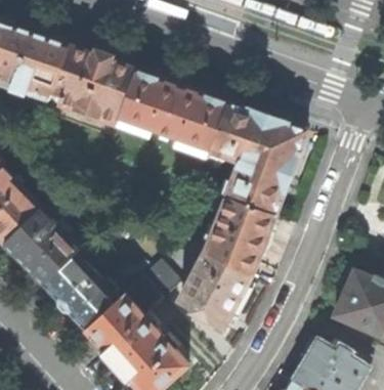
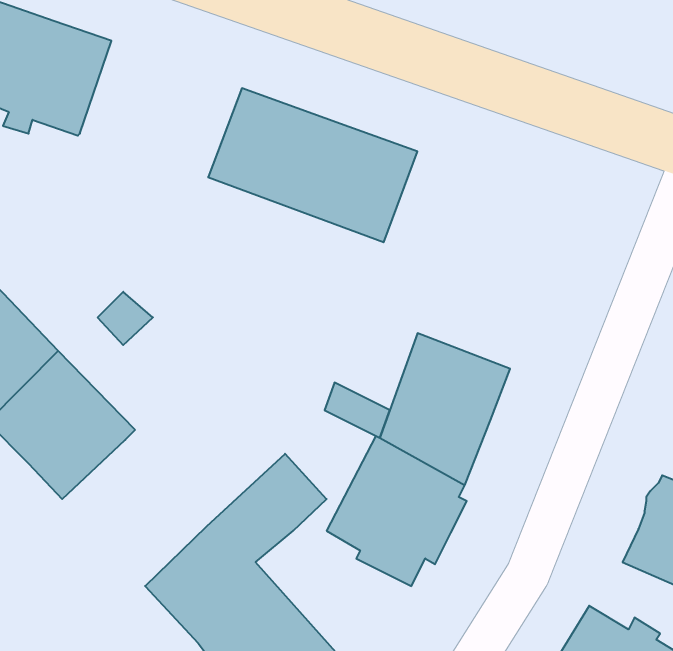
building: [51,46,135,125] -> none
building: [209,103,305,216] -> none
building: [42,253,117,329] -> none

